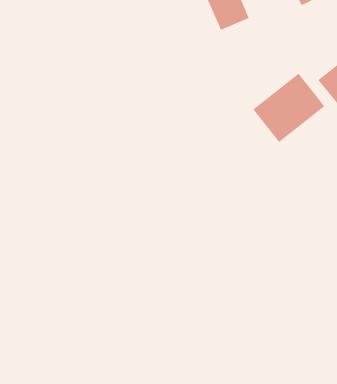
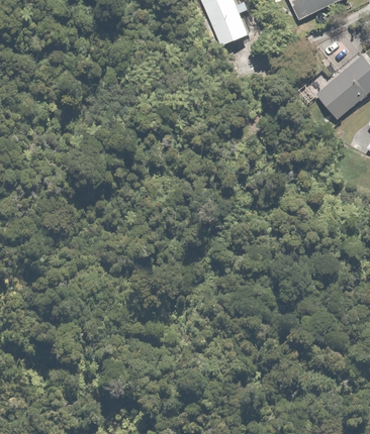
building: [253,73,325,143] -> none

